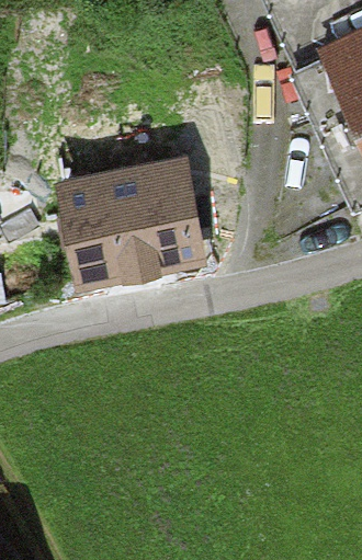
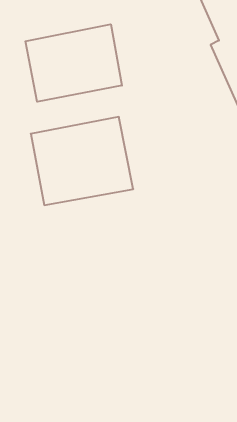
building: none -> [25,24,122,102]

